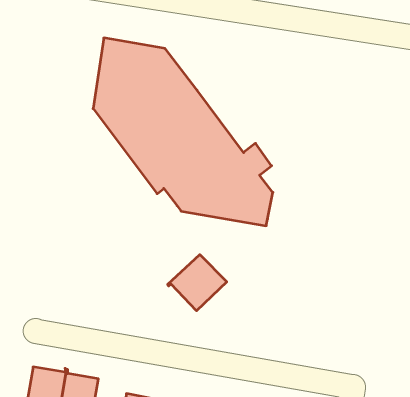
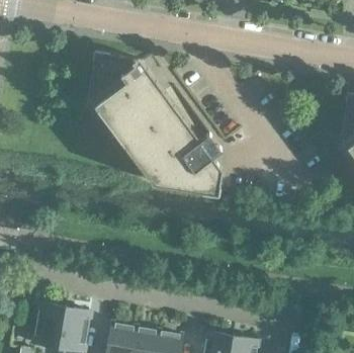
building: [168,255,227,311] -> none

